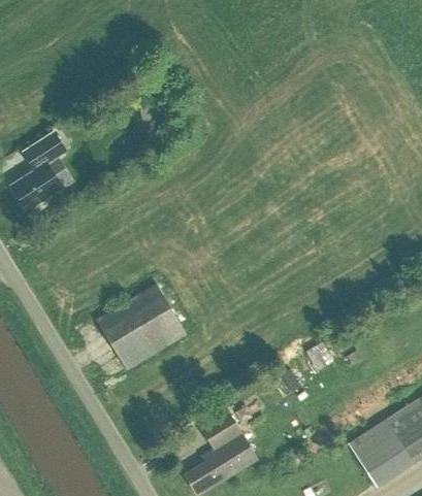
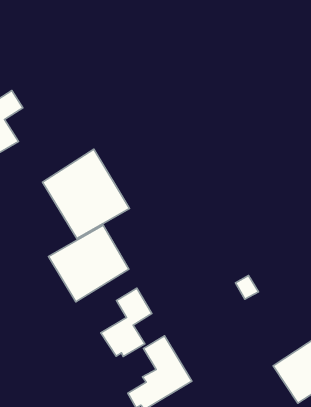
building: none -> [42,149,129,238]
building: none -> [101,288,152,357]

